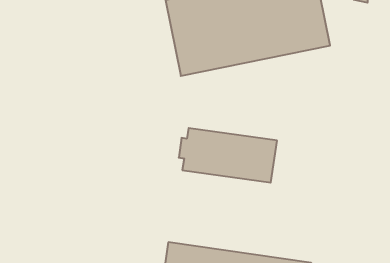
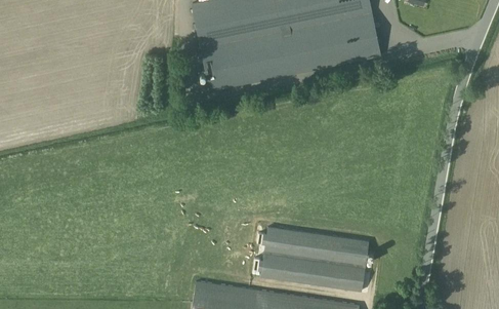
building: [179,128,277,183] -> [255,229,368,292]

